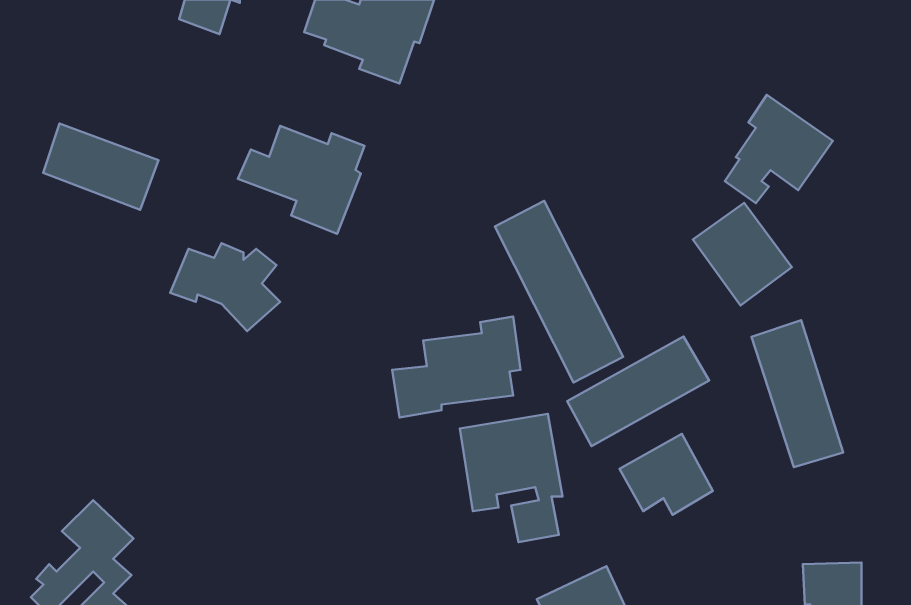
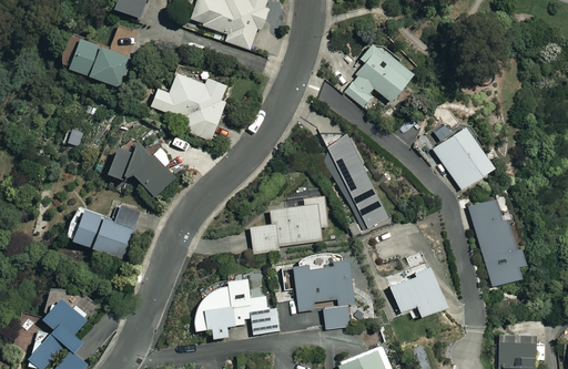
building: [725,95,833,203] -> [345,41,410,106]
building: [43,123,159,210] -> [65,39,135,91]
building: [567,337,709,446] -> none
building: none -> [71,207,145,263]
building: none -> [193,274,282,336]

